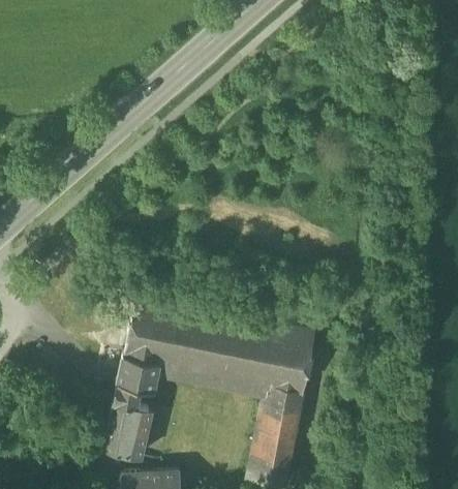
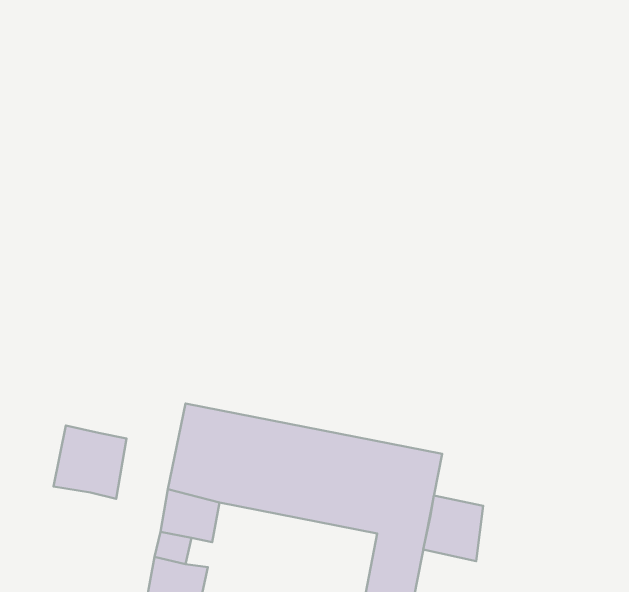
building: none -> [53,426,127,499]
building: none -> [423,495,483,561]

